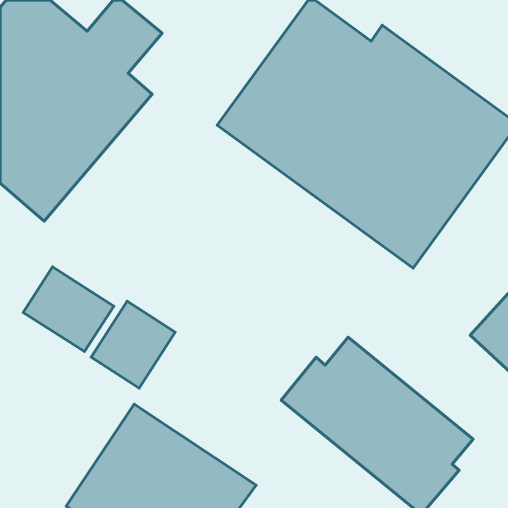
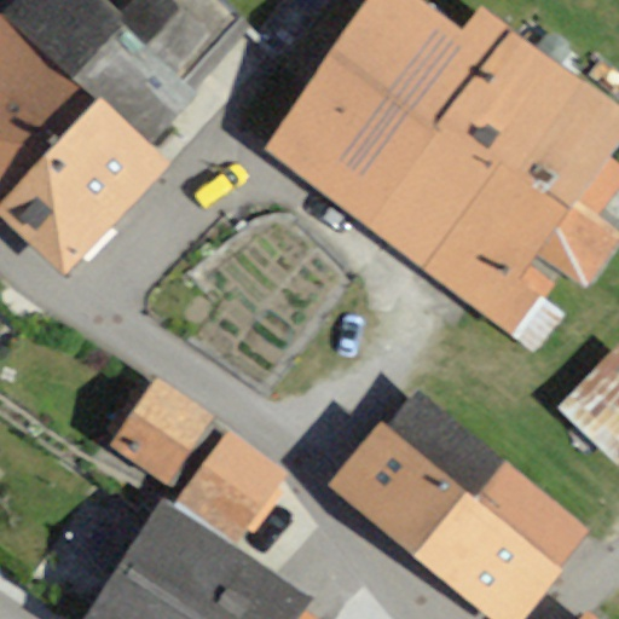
building: [23,267,114,352] -> none
building: none -> [189,427,285,523]

